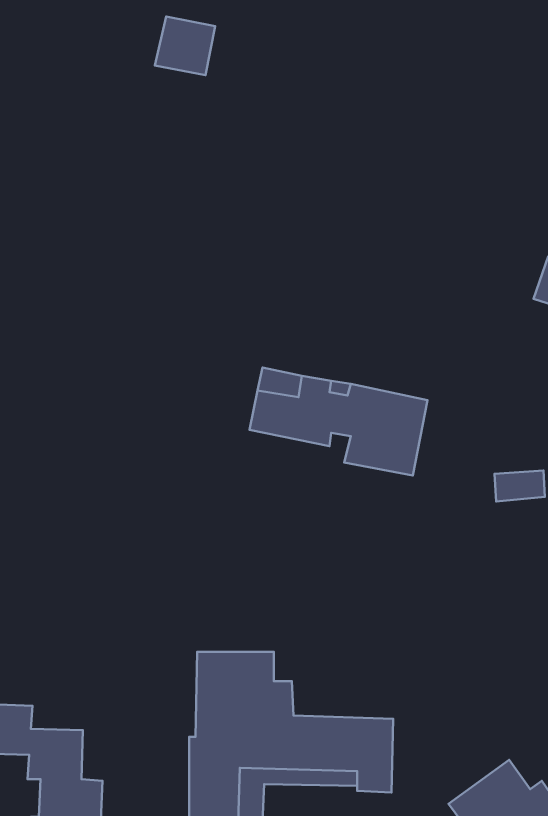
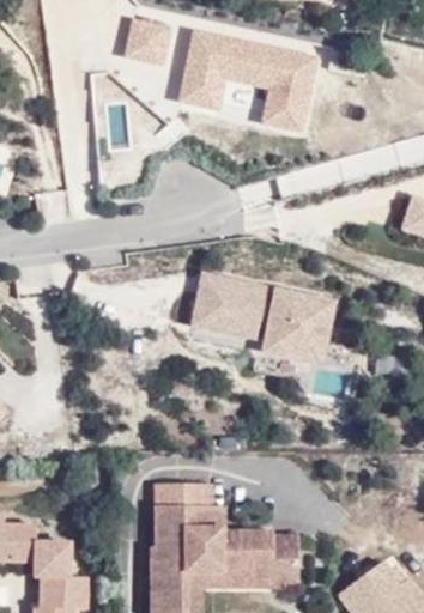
building: none -> [180,31,314,128]

